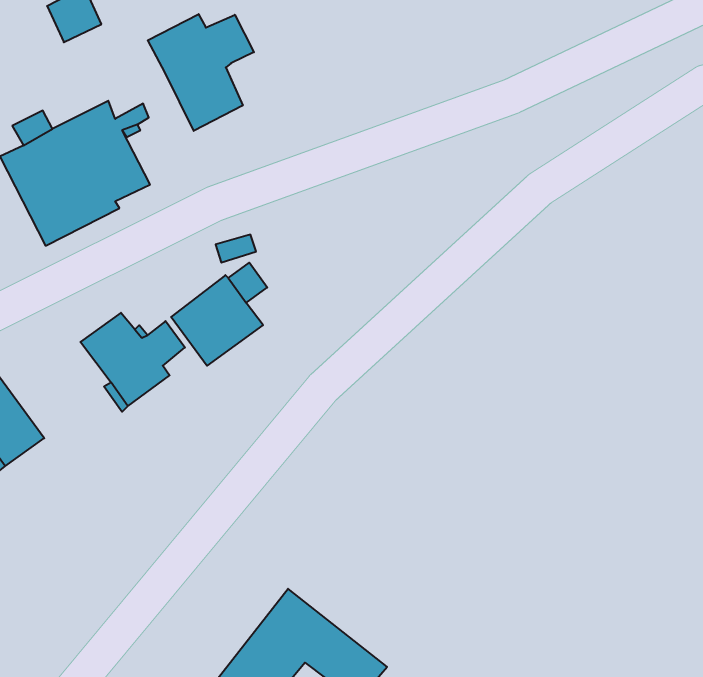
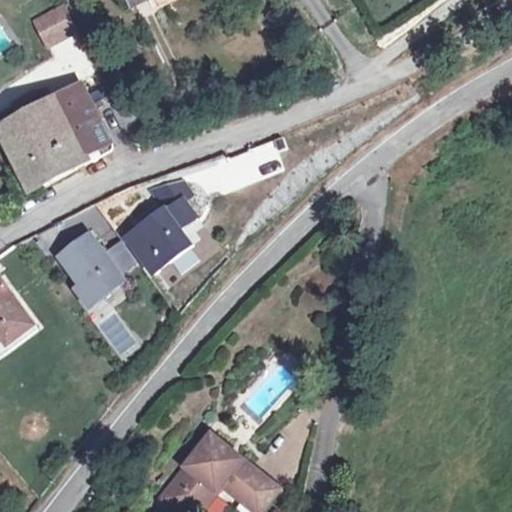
building: [148,14,254,131] -> none

